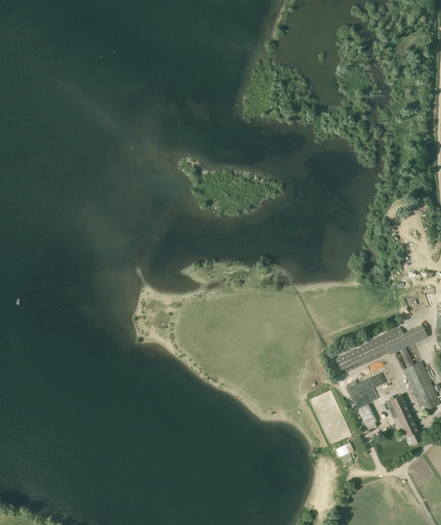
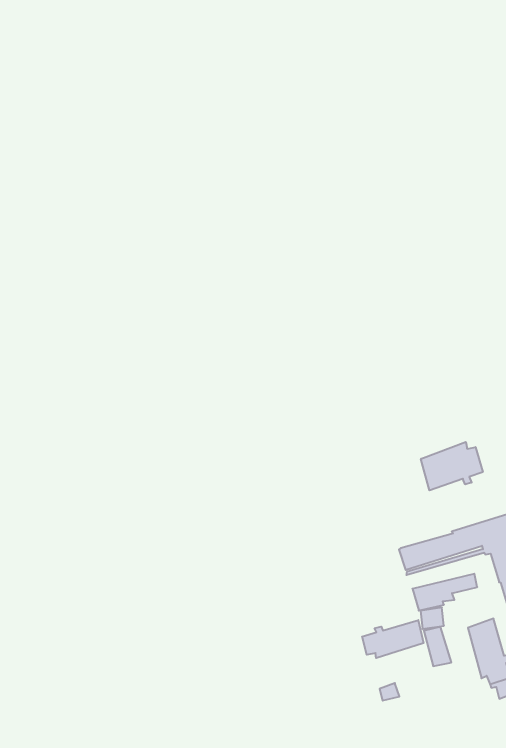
building: none -> [421,442,483,490]
building: none -> [362,620,424,658]

